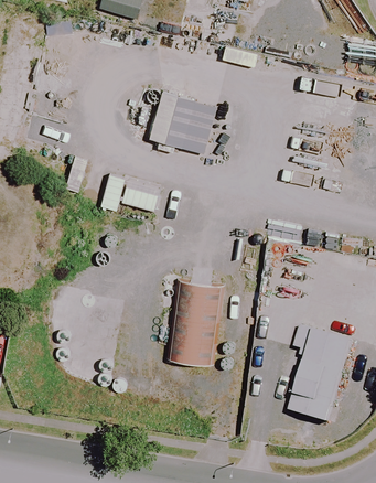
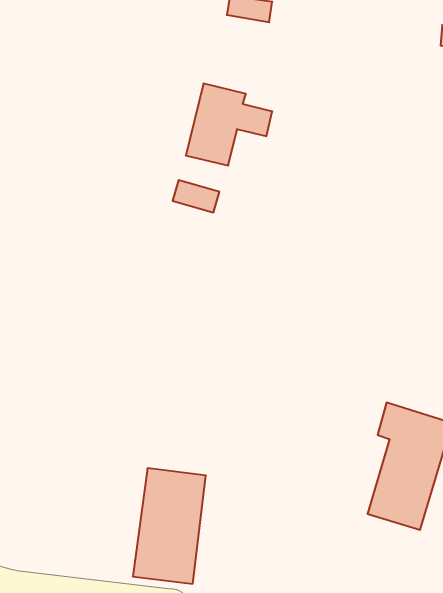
building: [164,277,219,364] -> [133,468,206,584]

